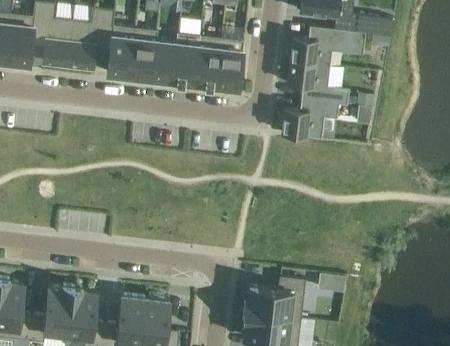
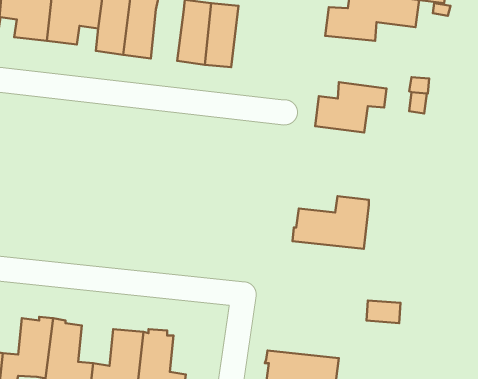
building: [215,38,243,90] -> none
building: [151,41,177,82] -> none
building: [288,62,349,105] -> none
building: [244,277,305,319] -> [292,196,369,249]

